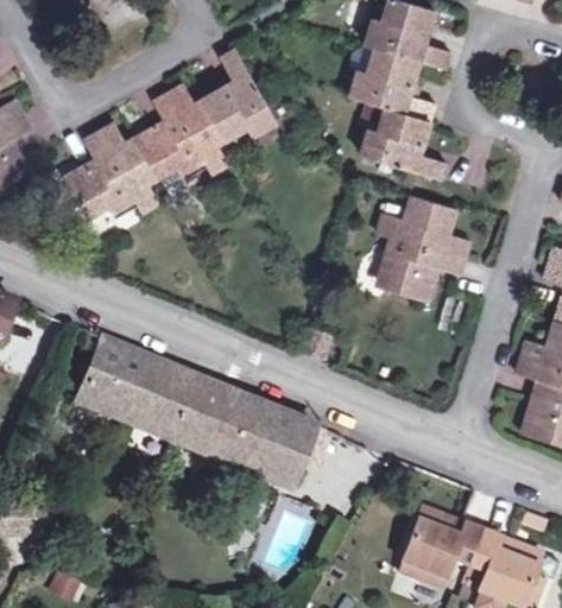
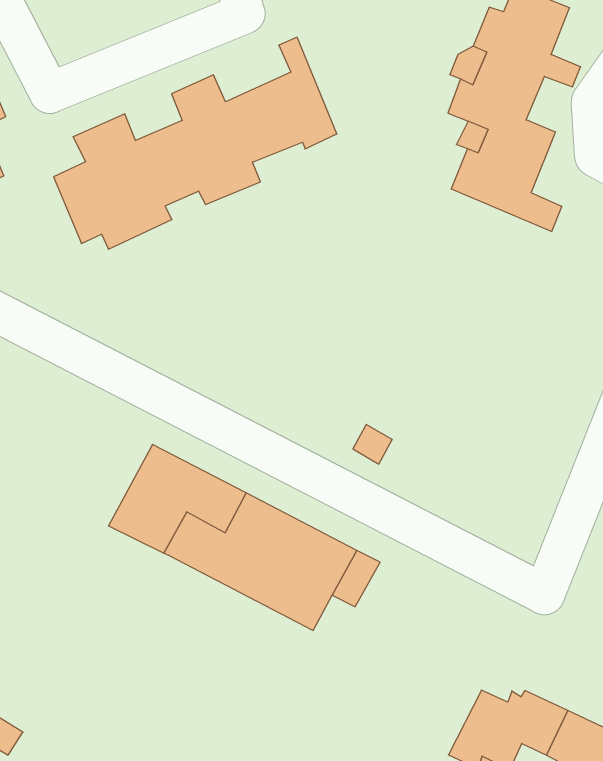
building: [375,202,471,291] -> none
building: [75,337,157,422] -> none

